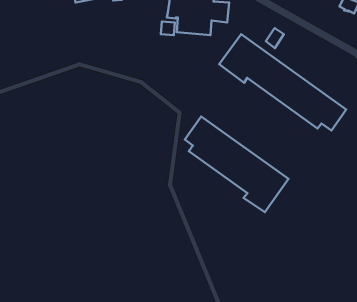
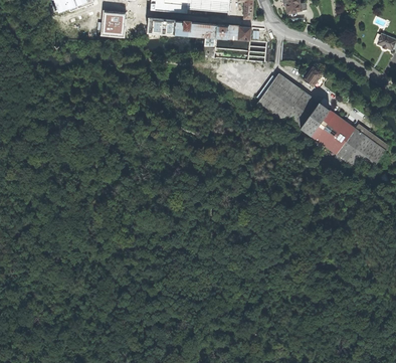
building: [185,116,288,212] -> none

